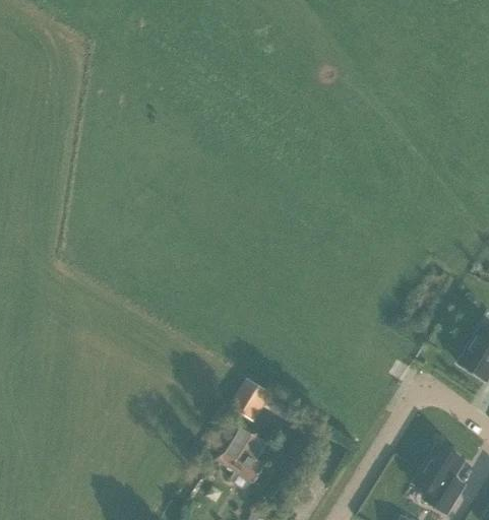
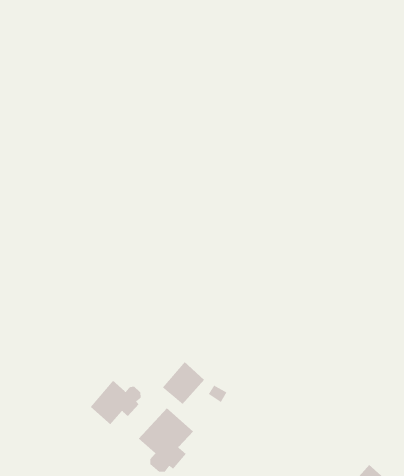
building: none -> [90,380,141,425]

